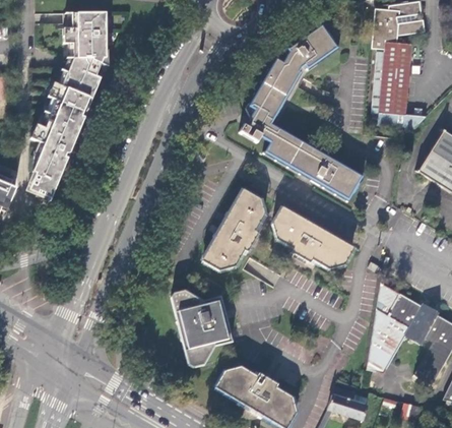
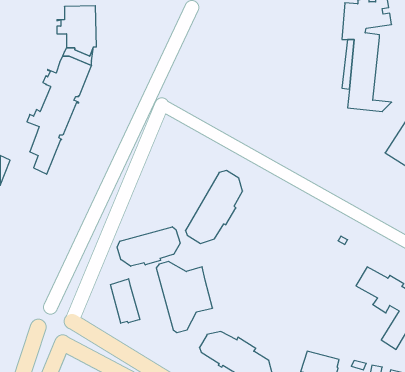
building: [240,22,362,198] -> none
building: [272,207,352,268] -> none
building: none -> [117,227,180,266]
building: [367,283,410,373] -> none
building: none -> [111,279,140,323]

